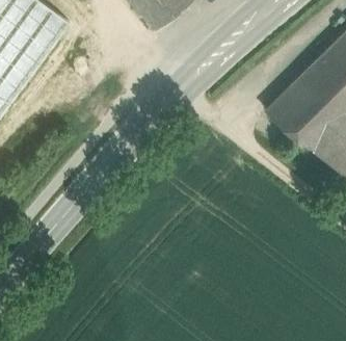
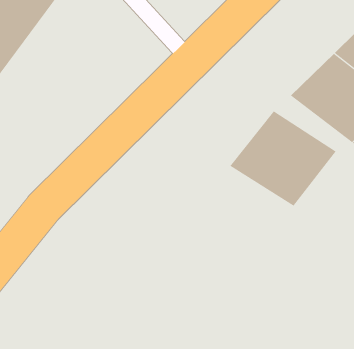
building: none -> [229,111,337,206]

